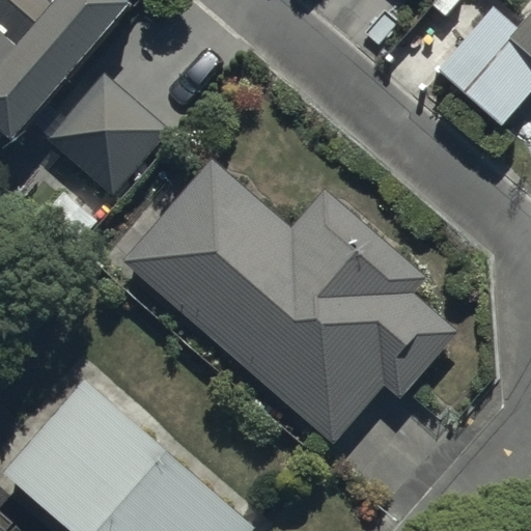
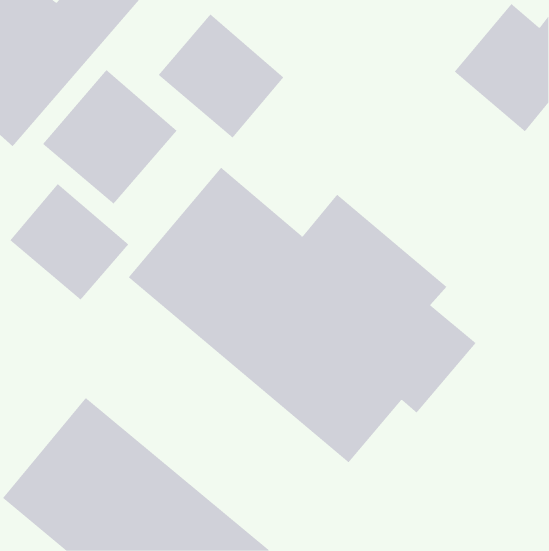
building: none -> [158,14,284,139]
building: none -> [9,183,129,300]

